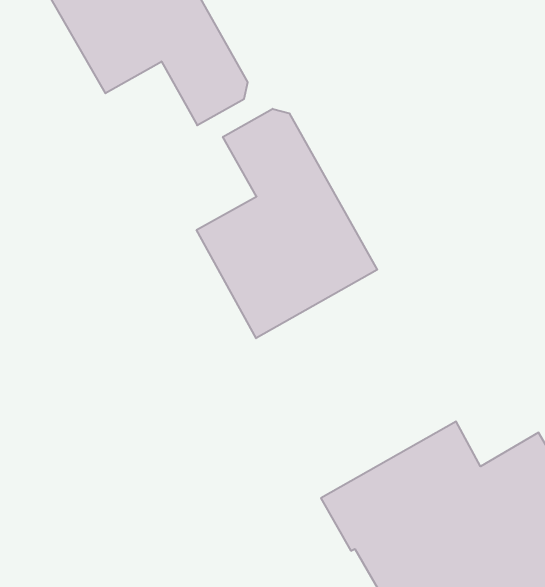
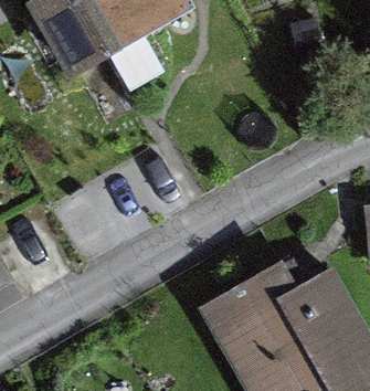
building: [197,109,377,338] -> none

